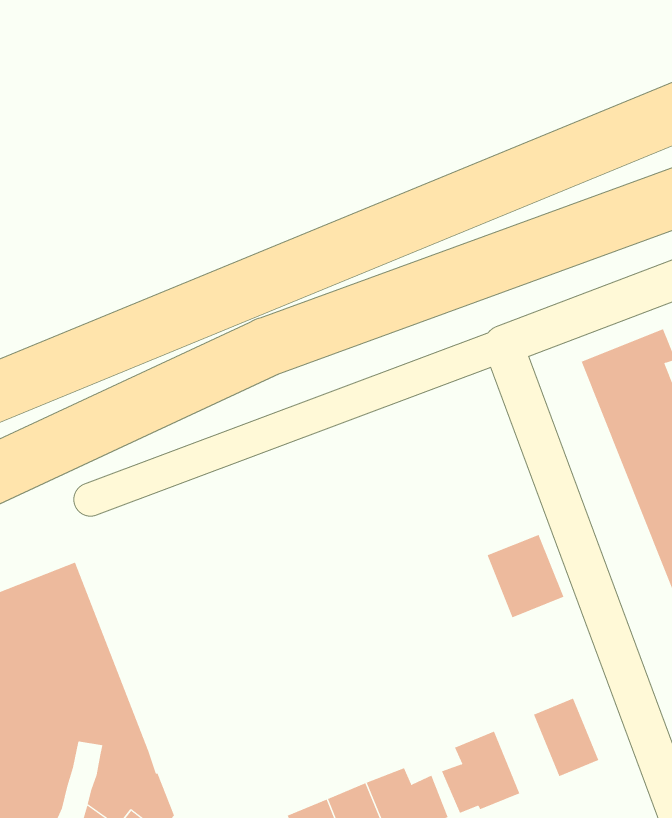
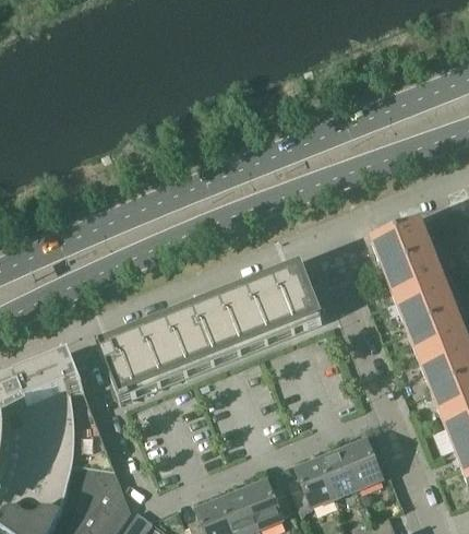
building: none -> [99,268,321,395]
building: [487,534,564,618] -> none
building: none -> [322,450,360,497]

